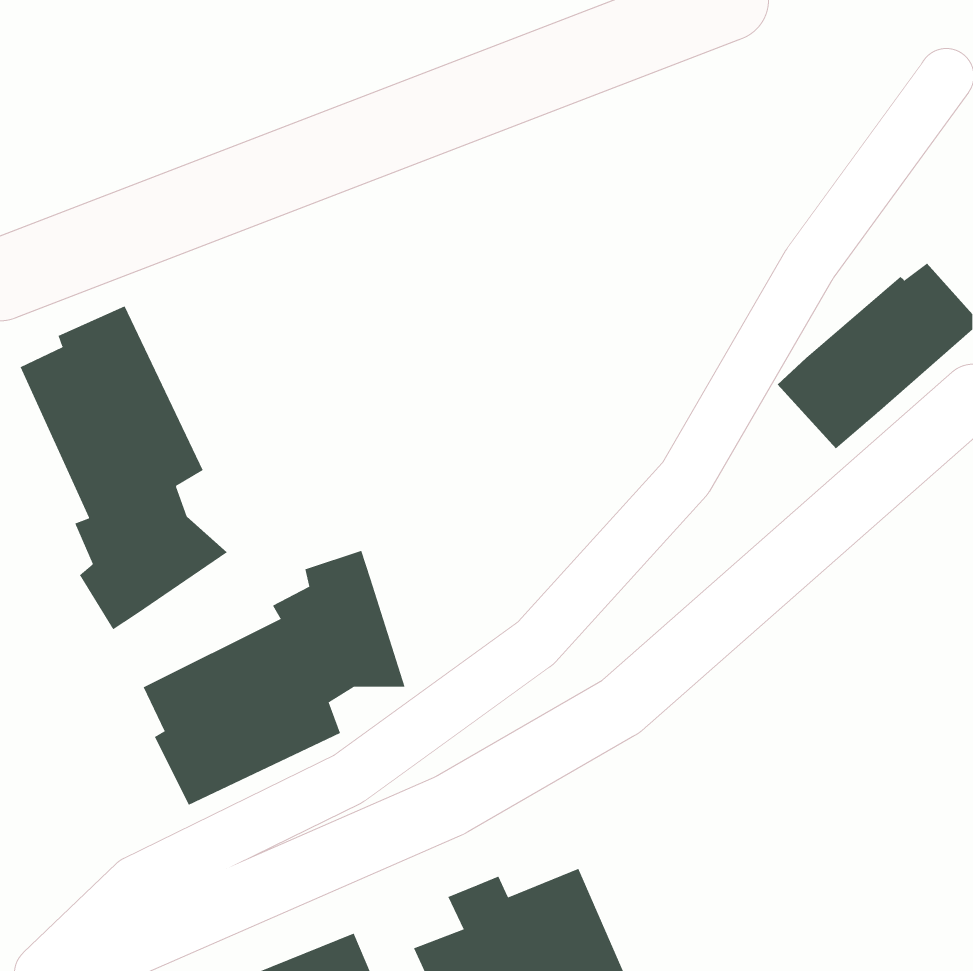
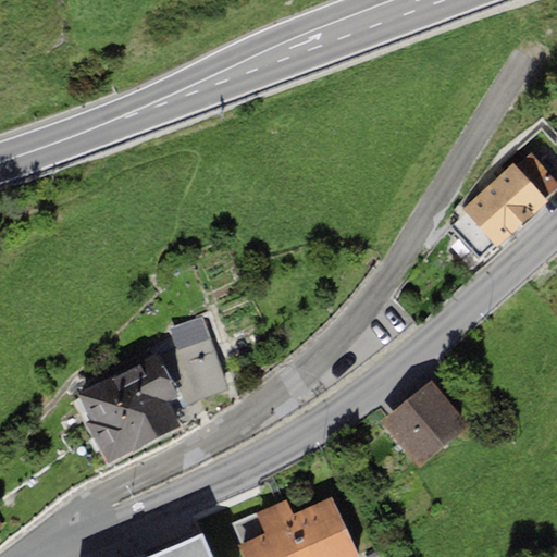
building: [20,306,228,630] -> none
building: none -> [381,381,466,465]

